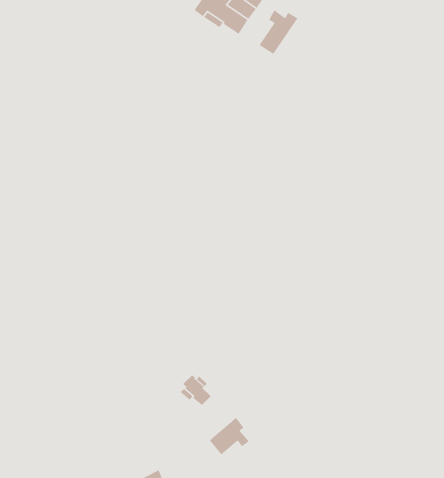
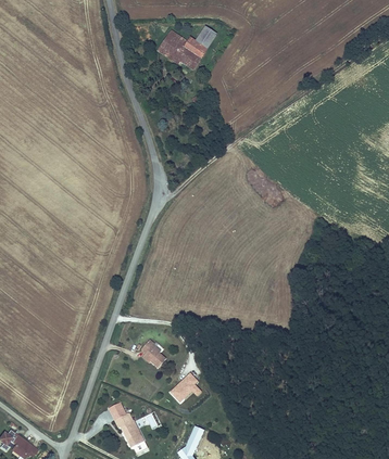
building: [259,9,299,55] -> none

